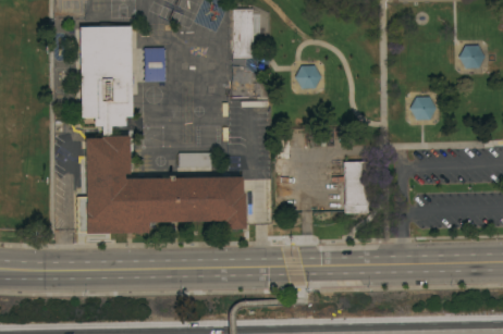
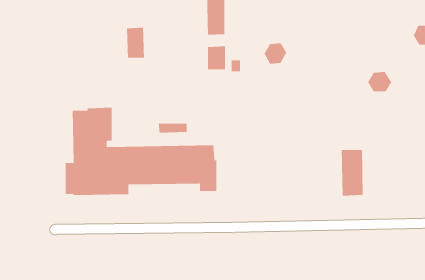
building: [81,26,133,125] -> none
building: [344,161,369,213] -> [341,149,364,197]

